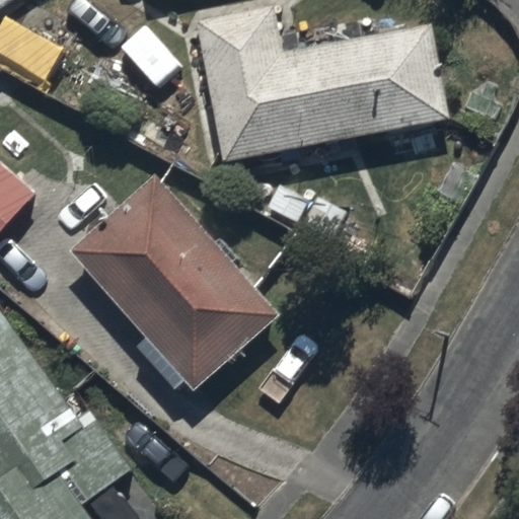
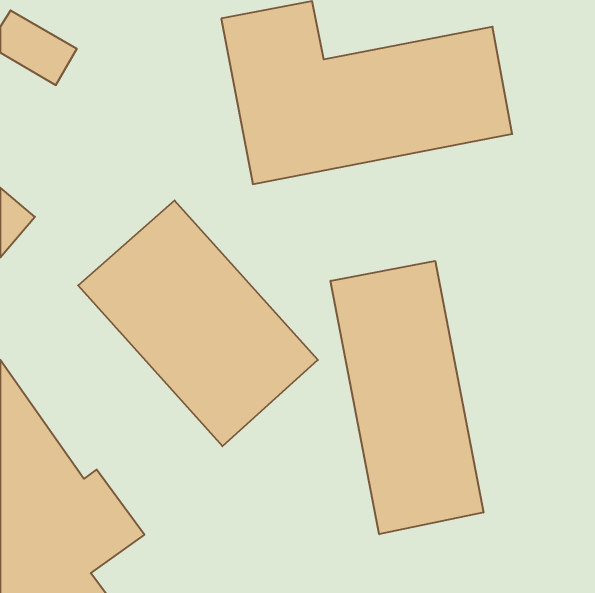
building: none -> [331,261,483,534]

